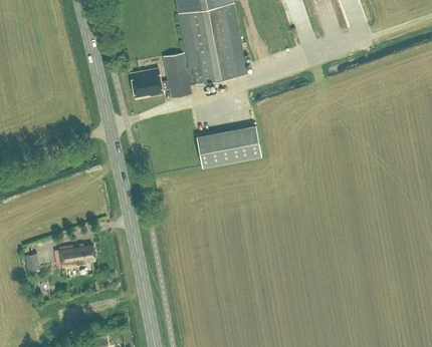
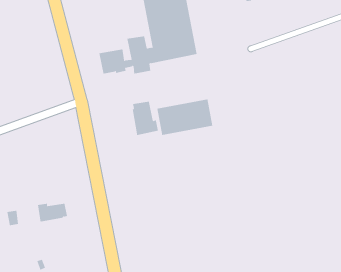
building: none -> [132,101,159,136]

